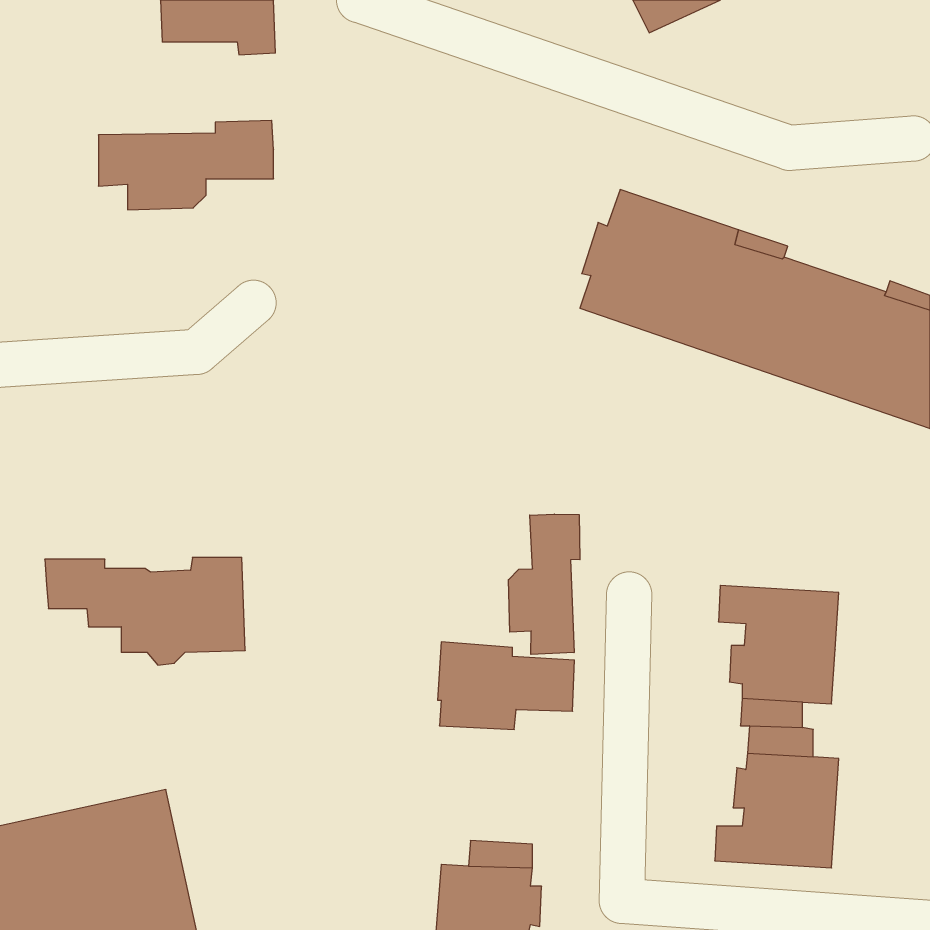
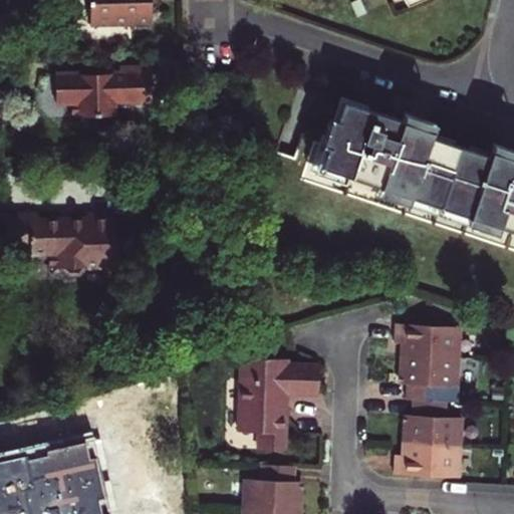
building: [508,514,580,654] -> none
building: [45,557,245,665] -> [5,216,115,275]
building: none -> [238,401,287,449]

